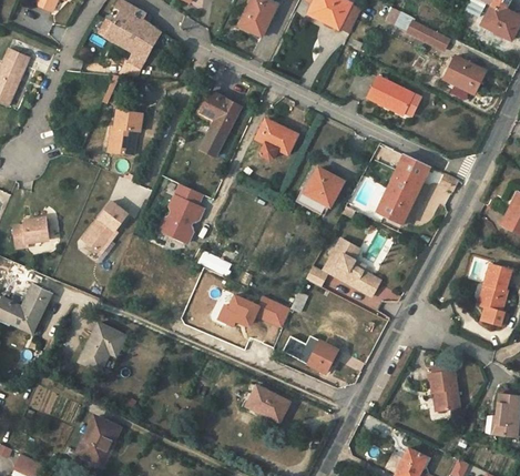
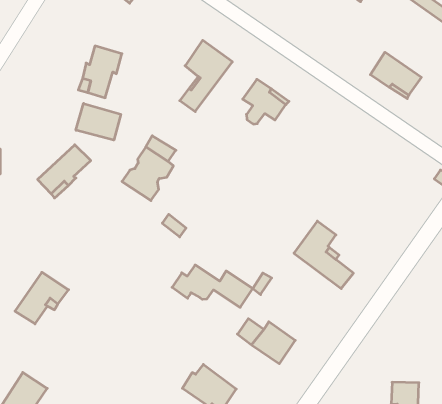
building: [375,155,429,224] -> none
building: none -> [76,103,121,140]
building: [299,169,343,215] -> none

